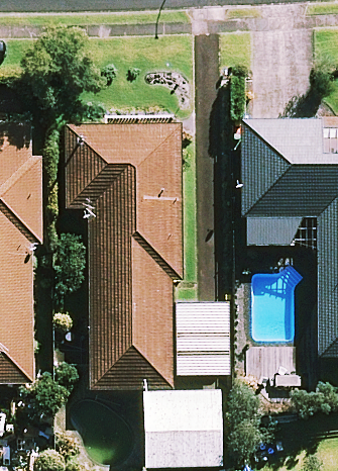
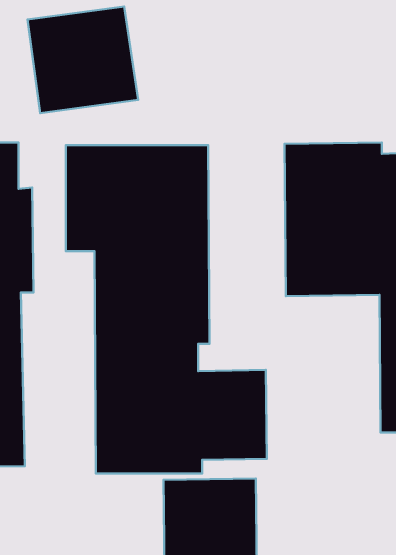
building: none -> [28,6,138,113]

